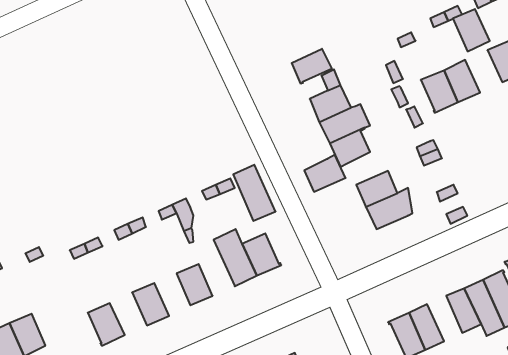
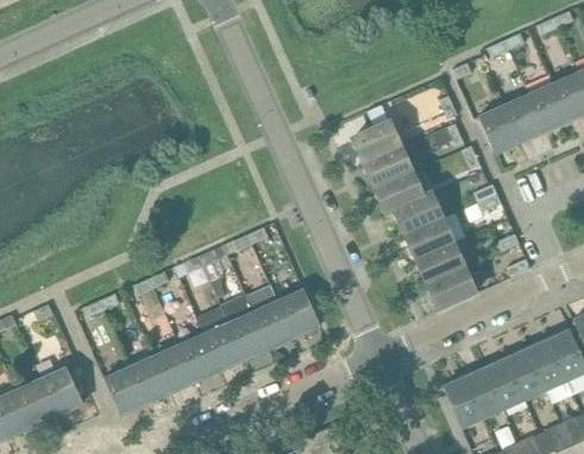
building: [453,9,490,51] -> [527,83,569,131]
building: [292,49,332,84] -> none
building: [304,155,346,192] -> [394,193,440,234]
building: [233,165,276,221] -> [220,296,268,359]
building: none -> [427,269,473,310]
building: none -> [177,334,218,382]
building: none -> [127,355,169,403]
building: none -> [484,359,523,410]
building: none -> [39,367,81,415]

